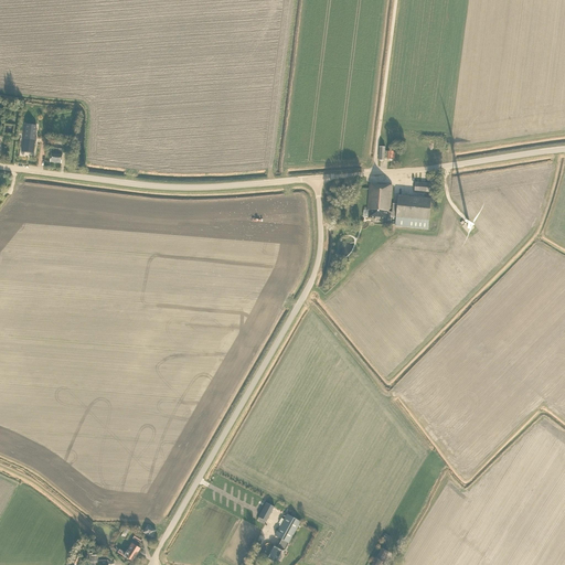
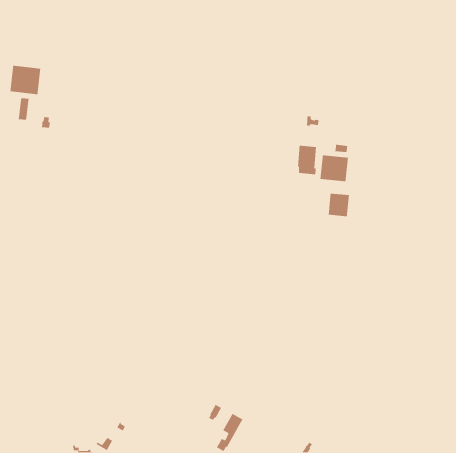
building: none -> [10,65,41,95]
building: none -> [328,193,350,217]

